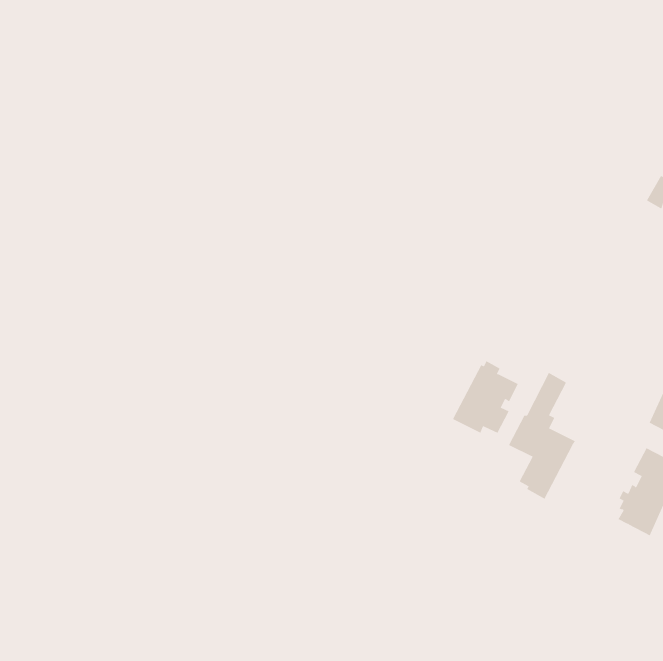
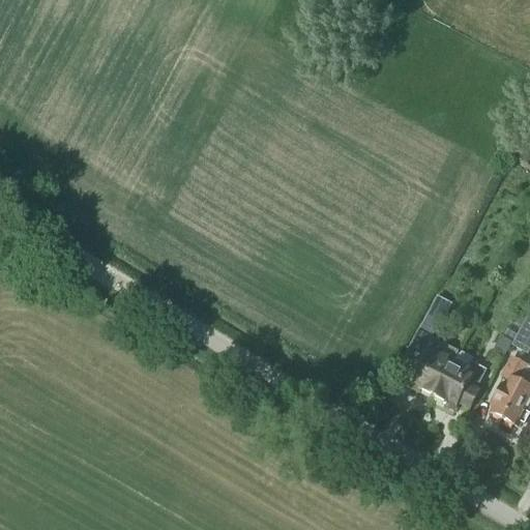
building: [452,361,519,433] -> [435,351,488,409]

